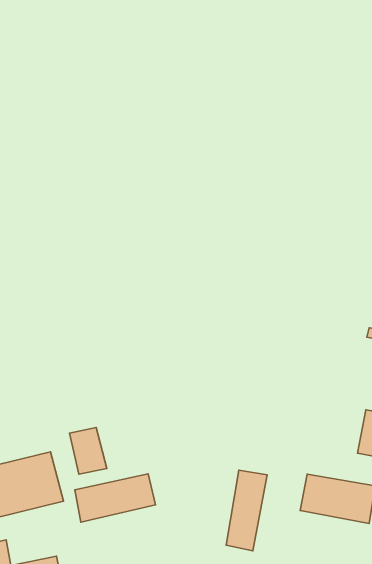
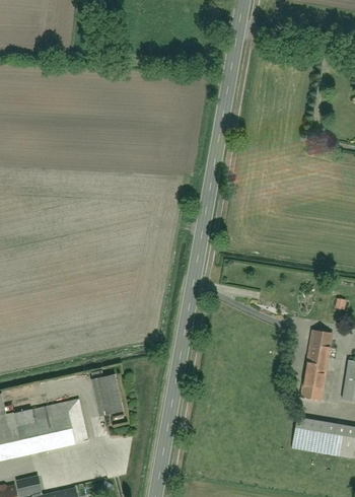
building: [226,470,267,551] -> [298,331,334,401]
building: [75,474,155,522] -> none

